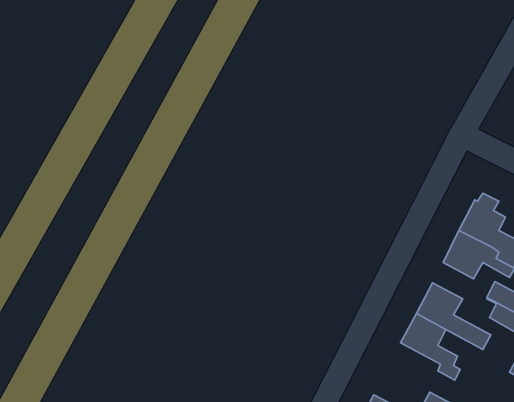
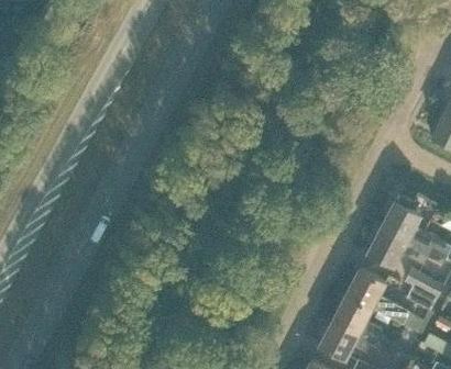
building: none -> [319,318,398,358]

